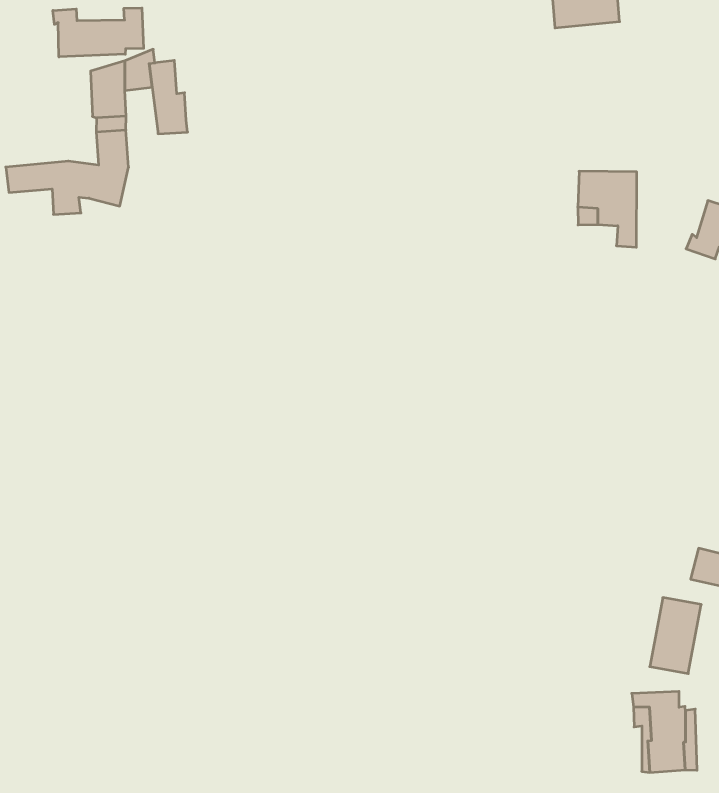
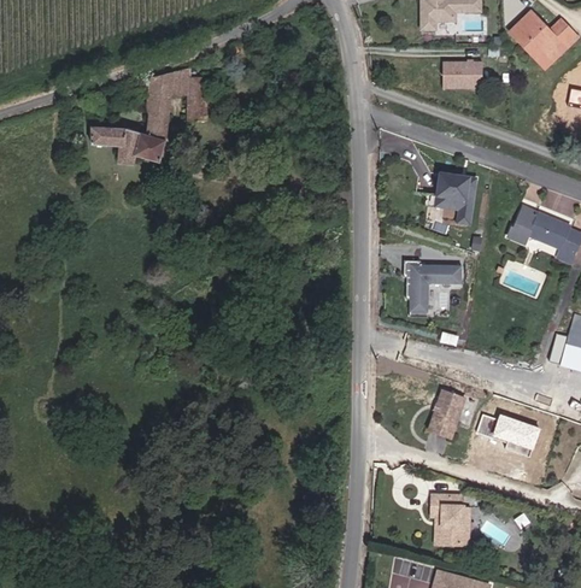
building: [53,8,144,57] -> none
building: none -> [404,260,462,311]
building: [650,598,701,674] -> [428,389,464,437]

